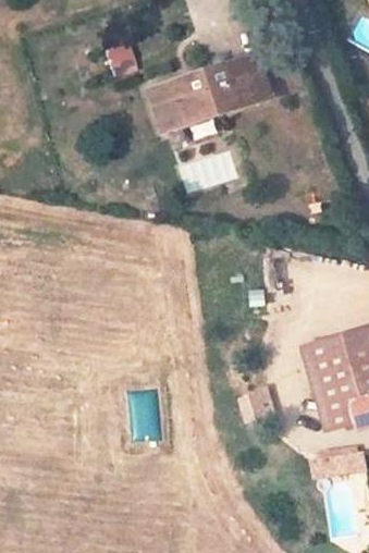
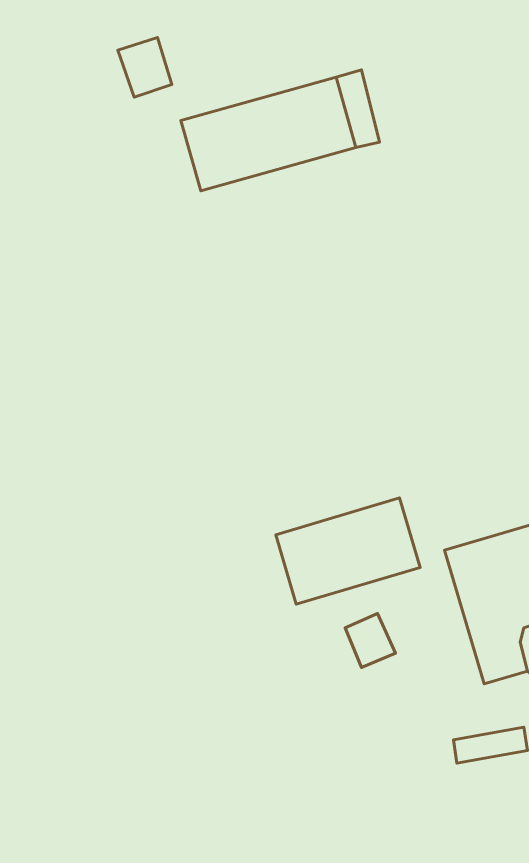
building: none -> [276,498,420,604]

